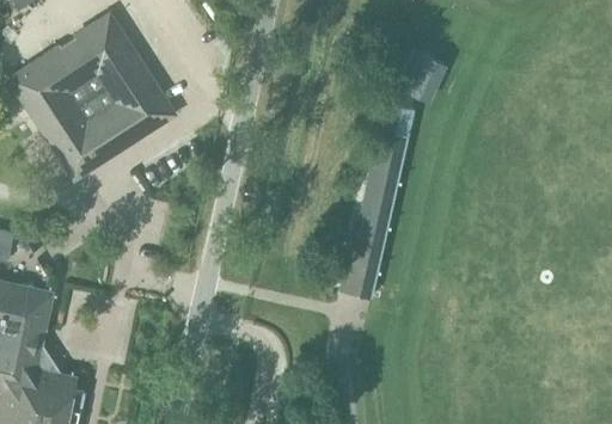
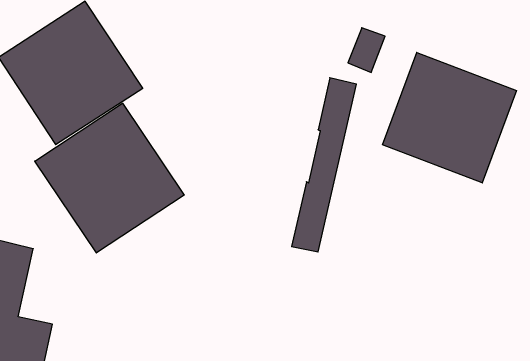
building: none -> [382,52,517,183]
building: none -> [35,103,184,253]

